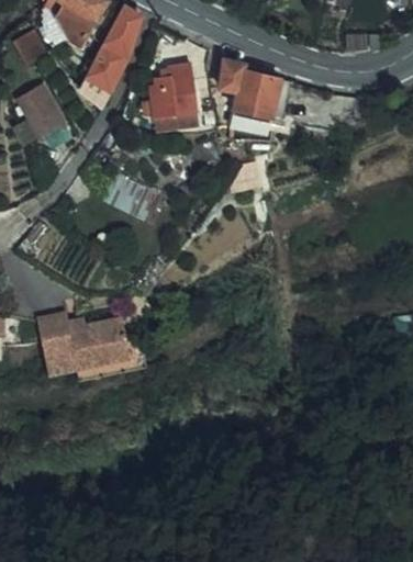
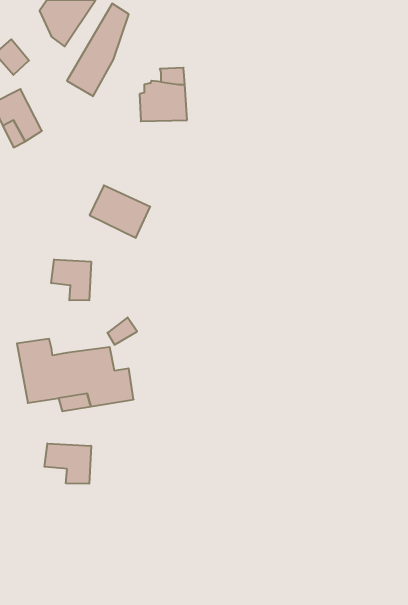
building: [217,63,277,121] -> none
building: none -> [51,259,91,300]
building: none -> [44,443,91,484]

